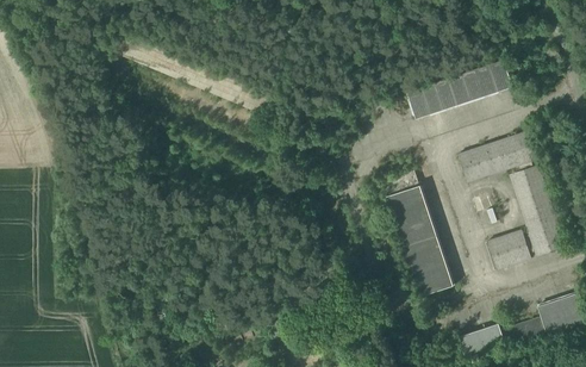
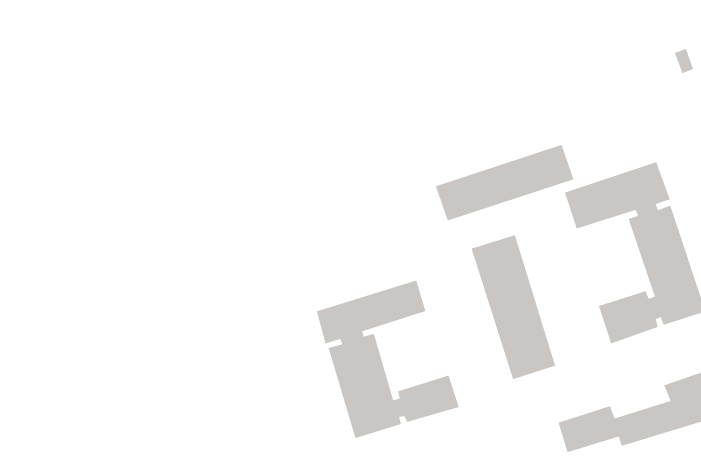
building: [407,60,515,119] -> [435,144,575,222]
building: none -> [316,280,460,439]

